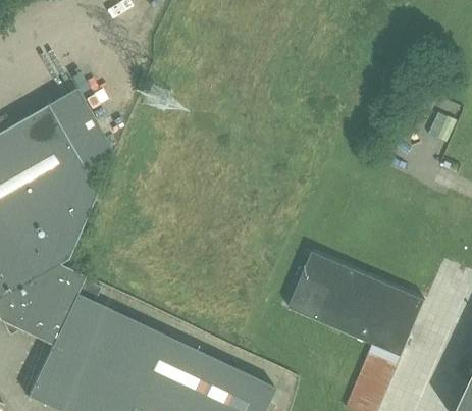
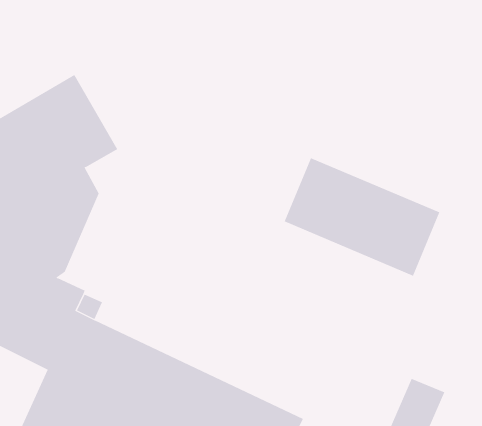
building: [289,252,425,356] -> [284,157,440,277]

